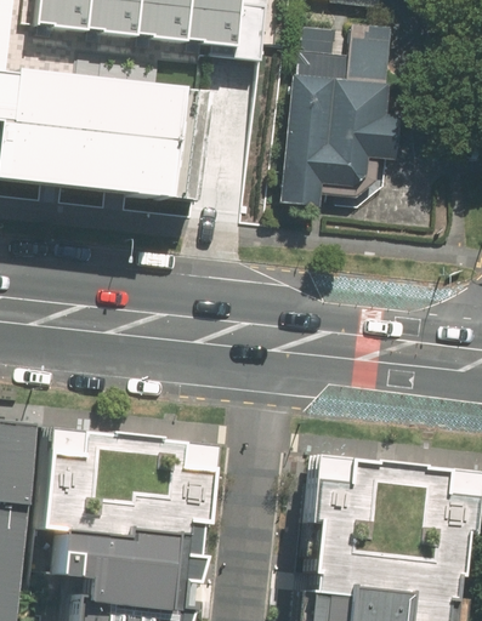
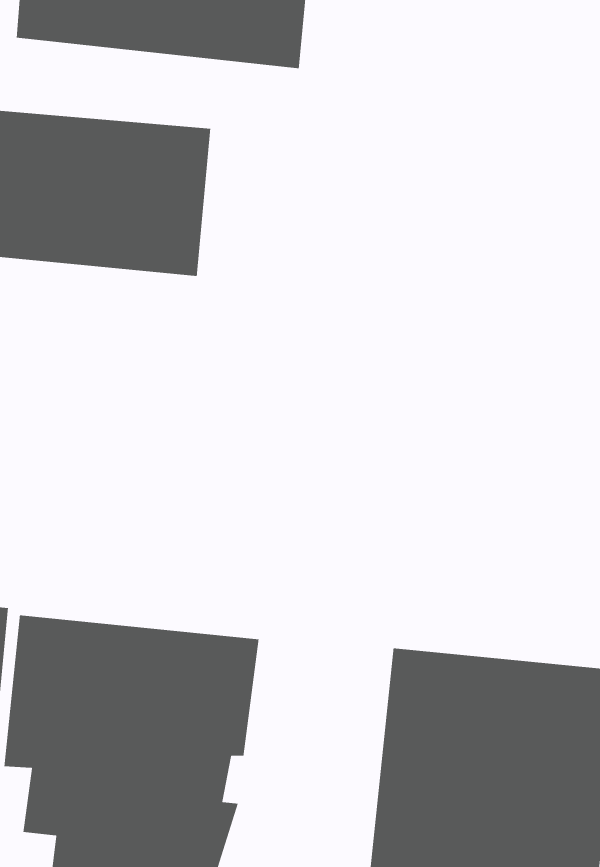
building: [287,25,406,209] -> none

